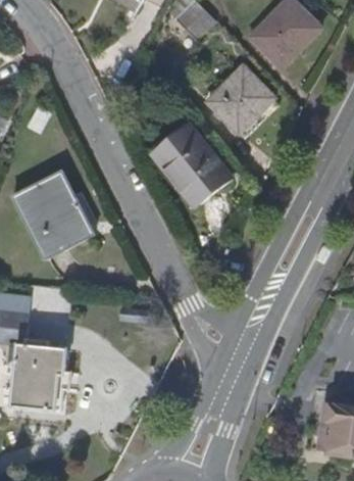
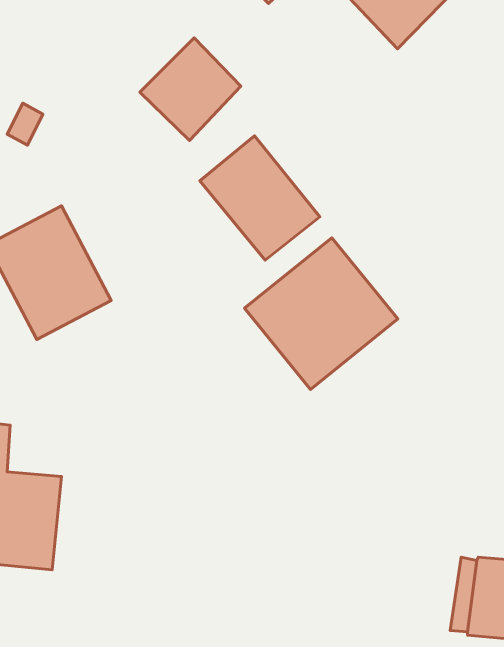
building: [208,64,274,132] -> [140,38,241,141]
building: none -> [244,238,398,390]

